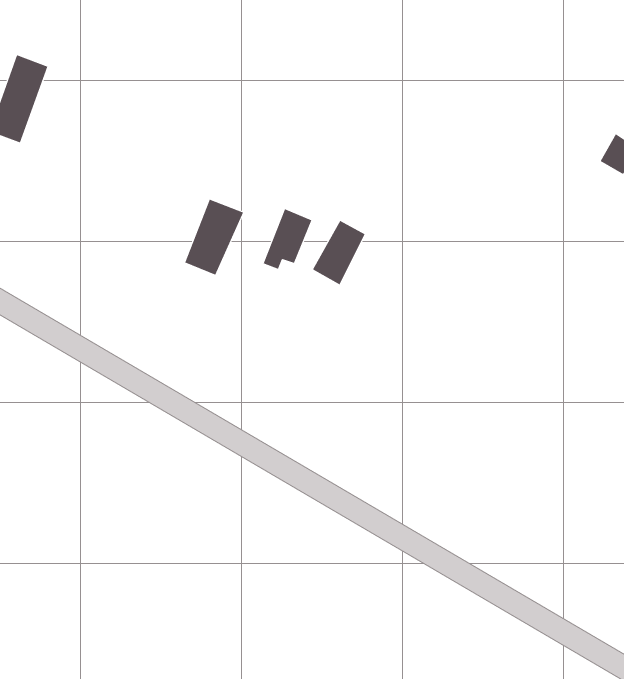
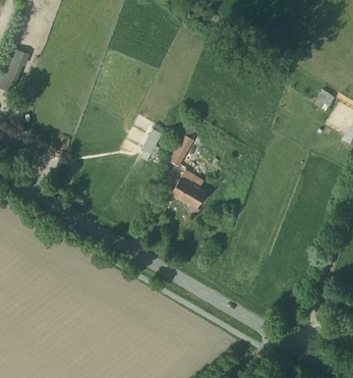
building: [185,199,244,276] -> none
building: none -> [171,176,208,209]

